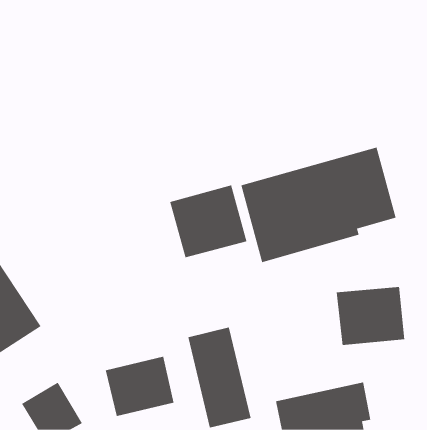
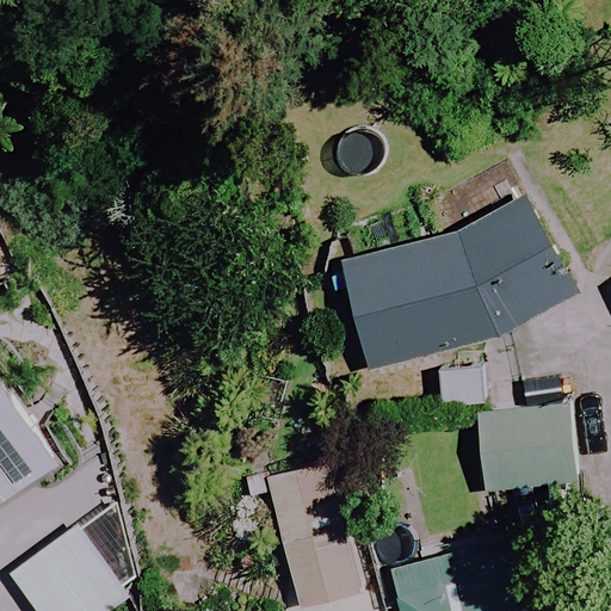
building: [169,185,247,258] -> none
building: [105,356,174,417] -> none

